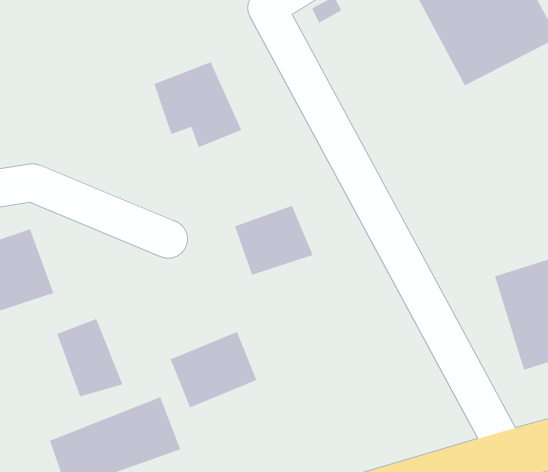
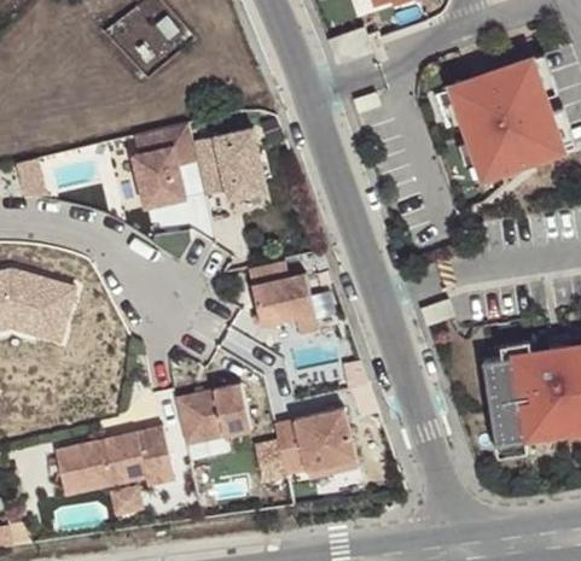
building: none -> [129,139,187,208]
building: [56,318,123,397] -> none
building: none -> [274,408,360,478]

